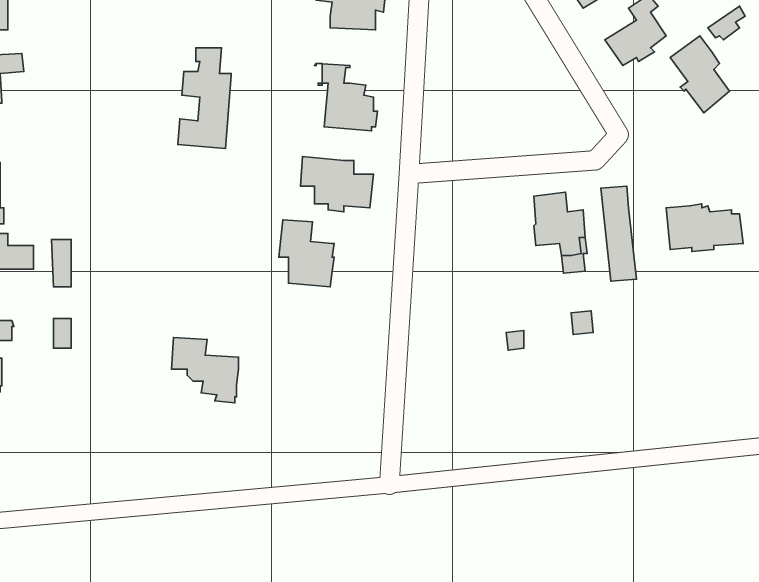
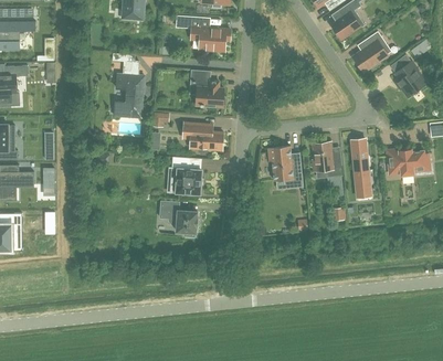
building: none -> [267,146,303,188]
building: [171,338,239,403] -> [159,200,197,236]

